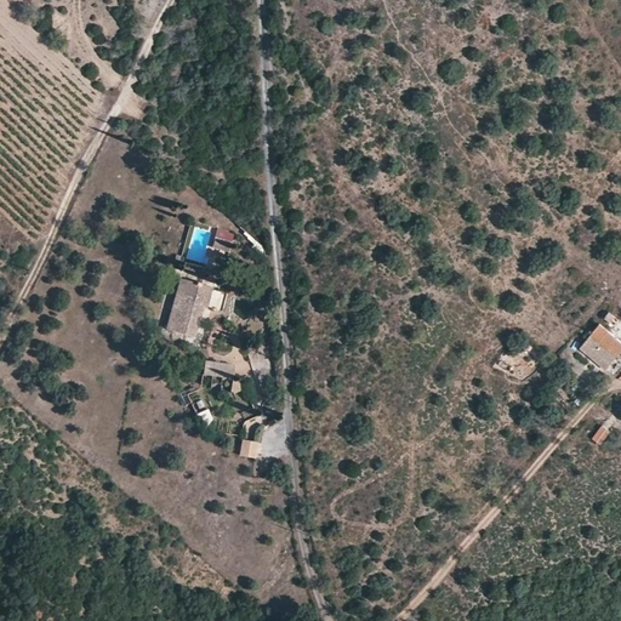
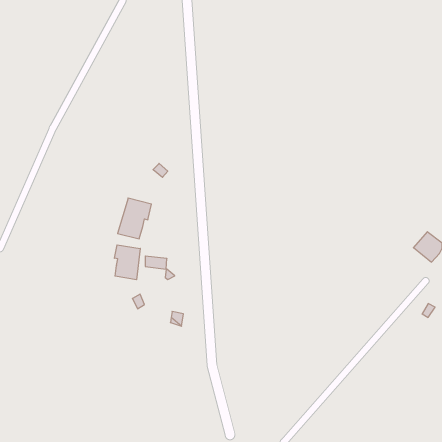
building: none -> [114,245,140,280]

